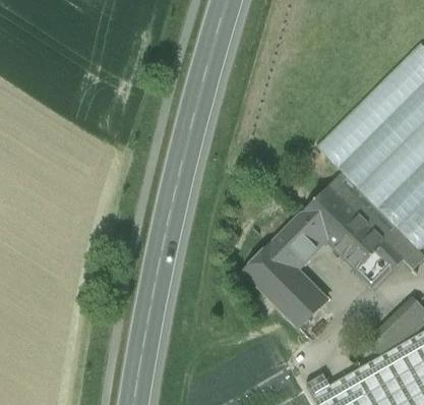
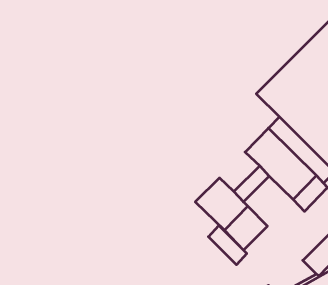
building: [270,216,318,263] -> none
building: none -> [208,225,247,265]

